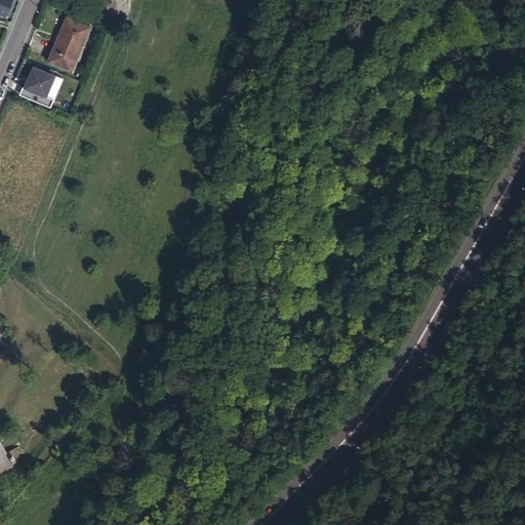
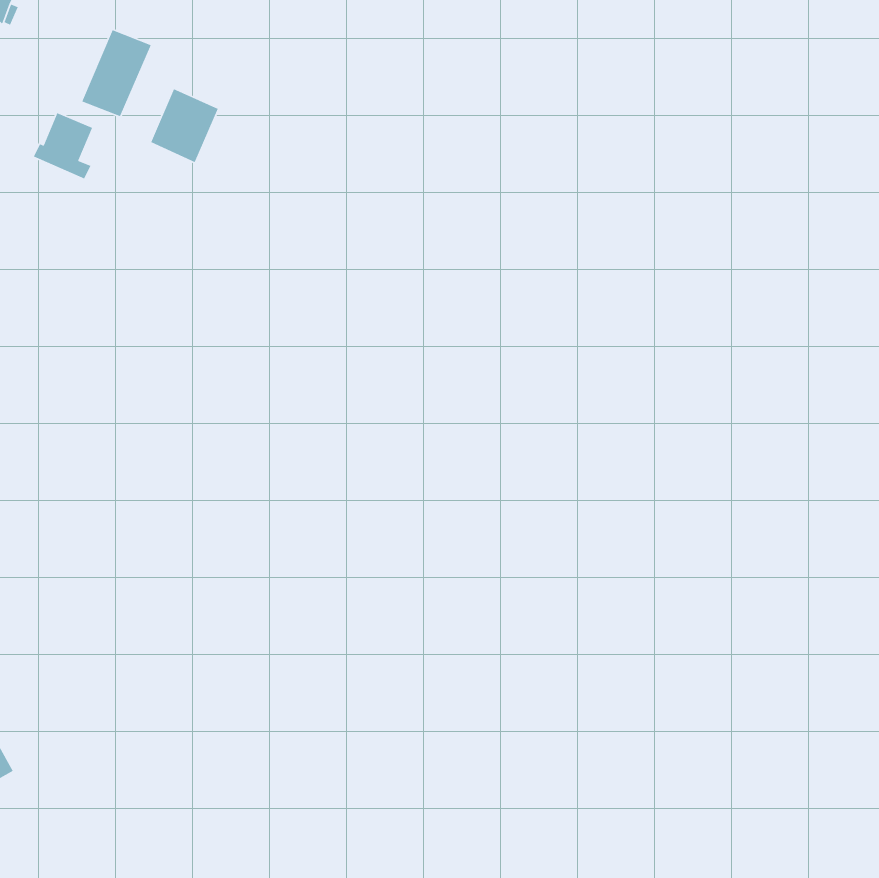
building: none -> [150,88,219,163]

